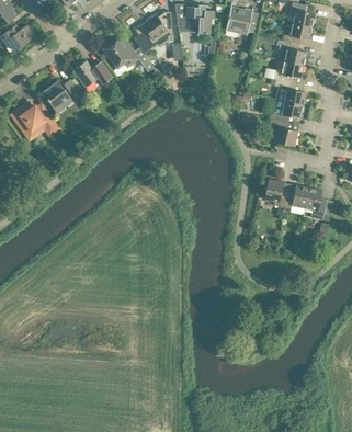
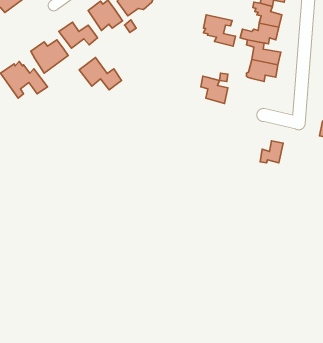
building: none -> [203,15,235,46]
building: none -> [79,58,122,90]
building: [269,117,297,146] -> [201,76,228,103]
building: [263,178,286,206] -> none
building: [304,186,327,219] -> none

